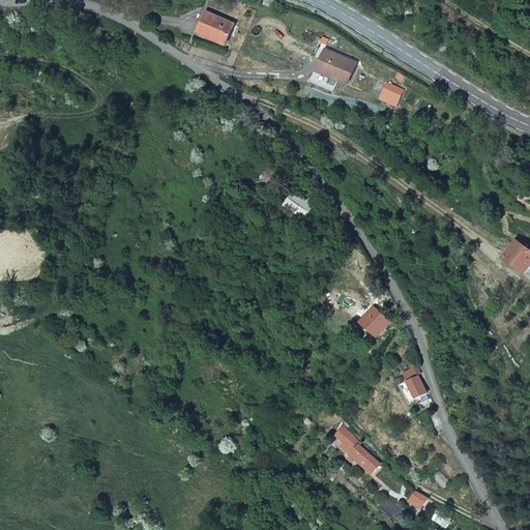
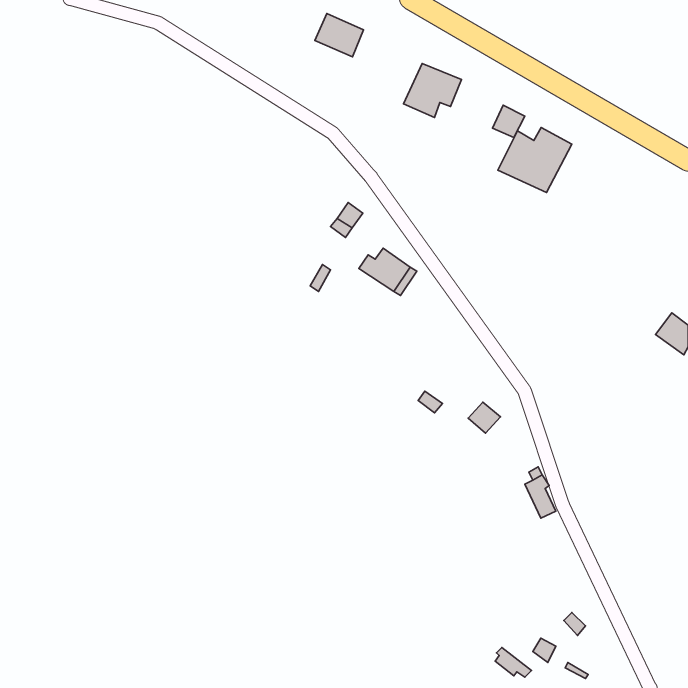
building: [196,10,233,43] -> [315,14,363,57]
building: none -> [498,128,572,193]
building: [334,426,378,473] -> none

